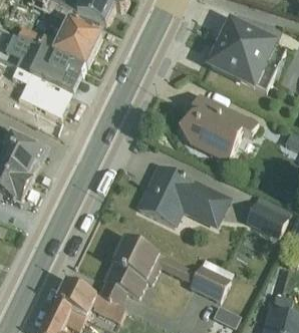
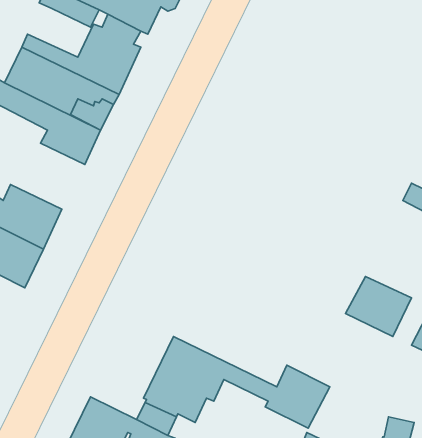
building: [209,21,284,89] -> none
building: [178,94,257,162] -> none
building: [137,165,231,228] -> none

